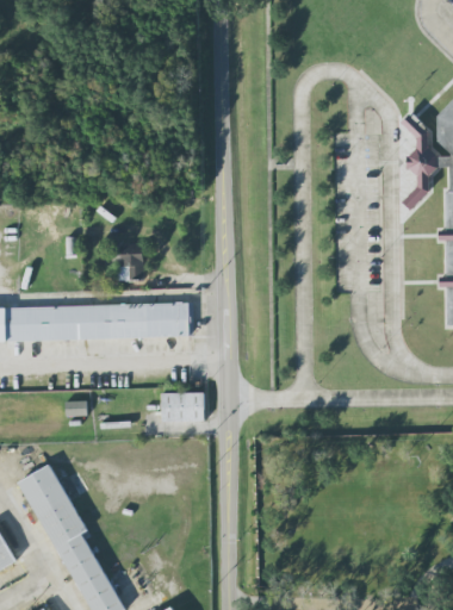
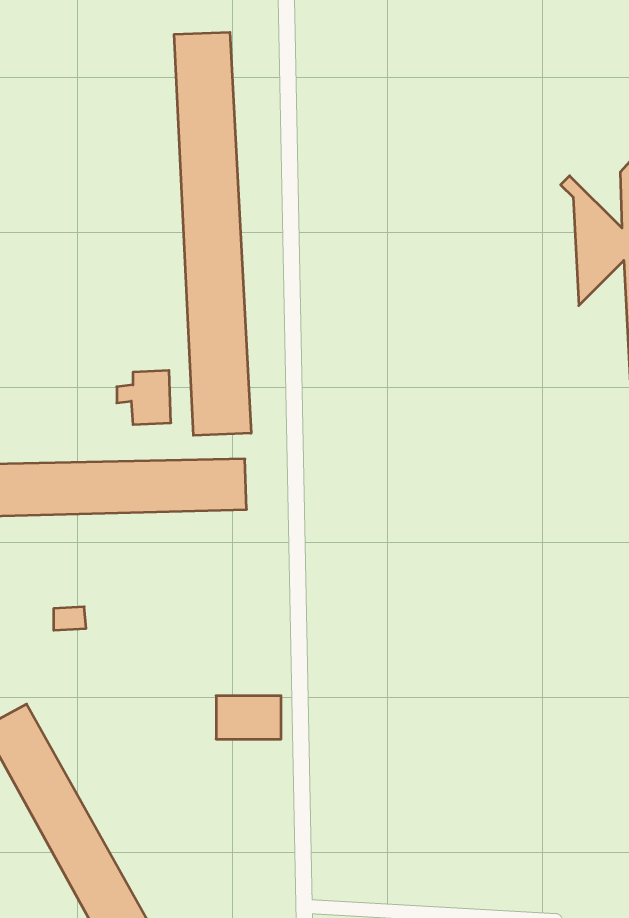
building: none -> [174,32,251,435]
building: [161,393,204,422] -> [216,696,281,739]

